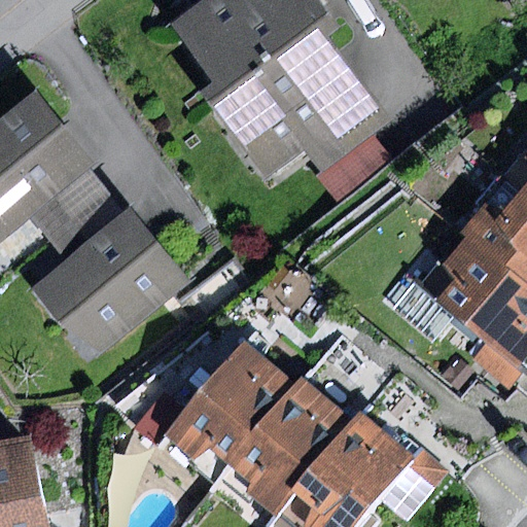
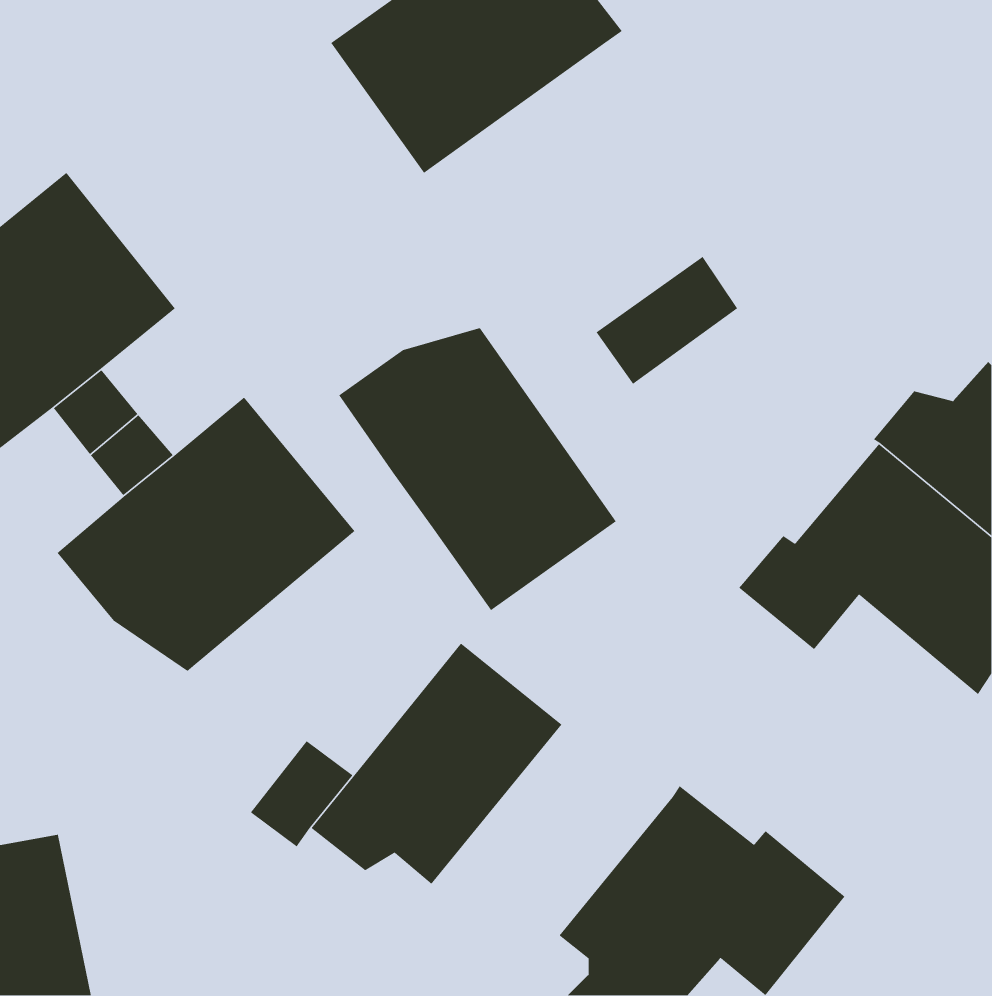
building: [209,24,373,177] -> none
building: none -> [338,327,617,611]
building: [227,377,354,518] -> none

